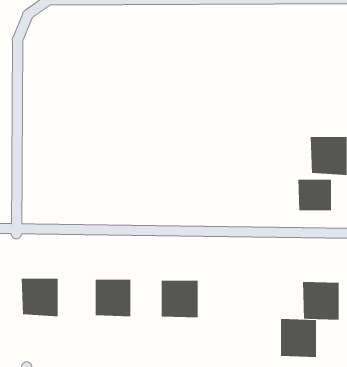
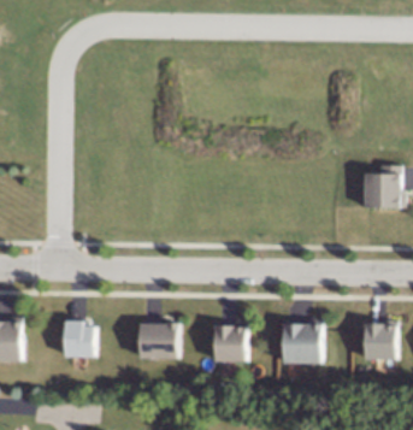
building: [298,179,331,211] -> none
building: [280,319,317,357] -> [284,322,323,363]

